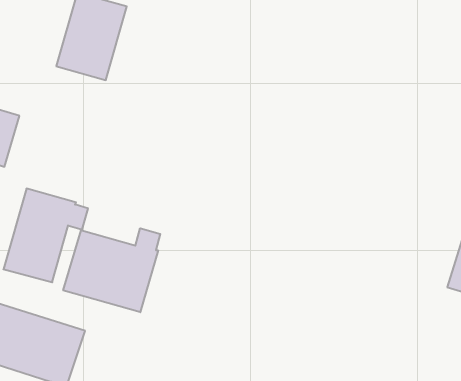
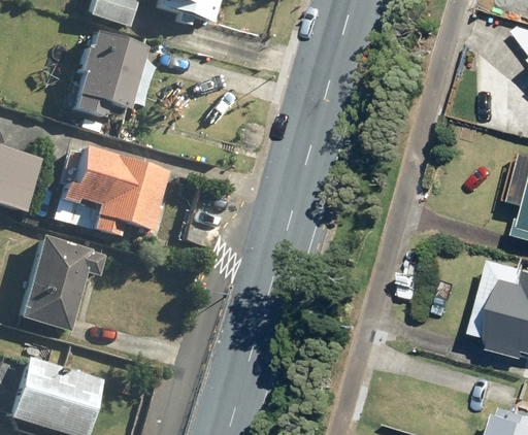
building: none -> [54,142,170,244]
building: [63,228,160,312] -> none

